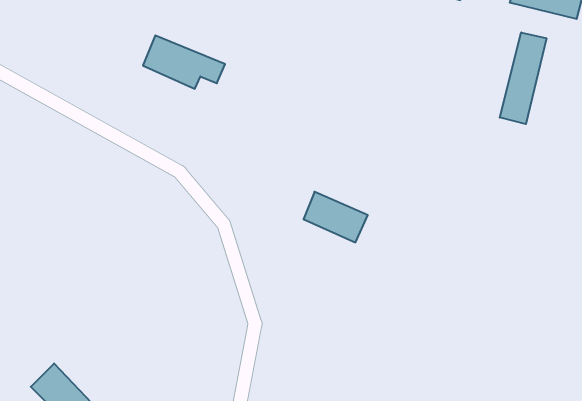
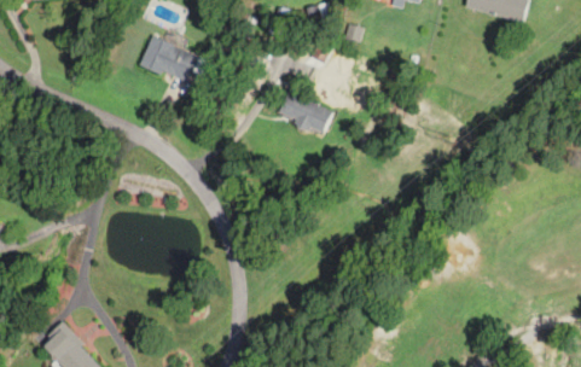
building: [500,32,546,124] -> none
building: [303,192,368,242] -> [277,91,333,135]

